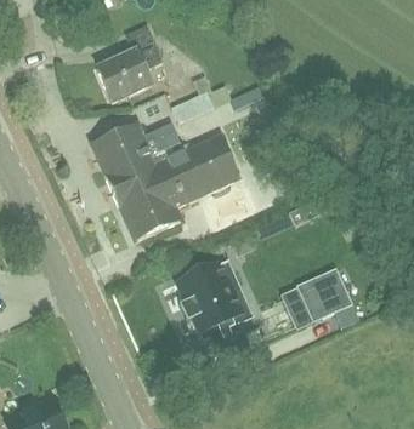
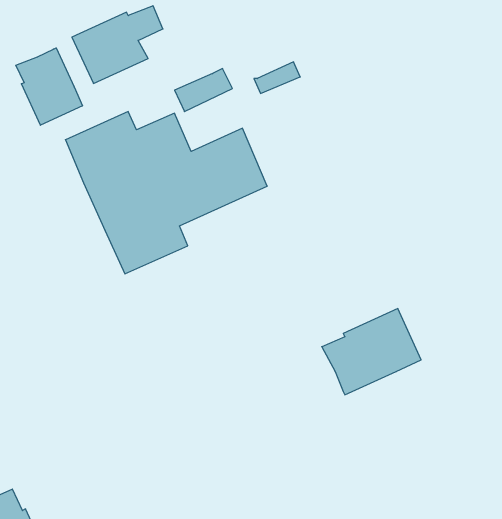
building: none -> [16,48,82,125]
building: [176,262,254,361] -> none

